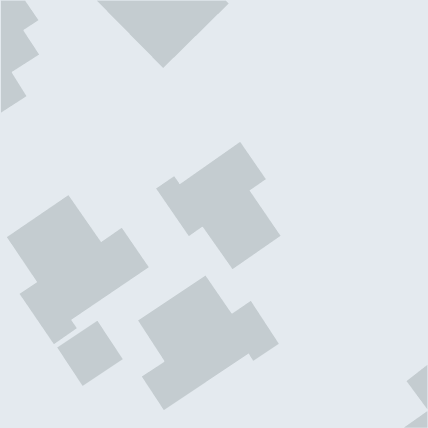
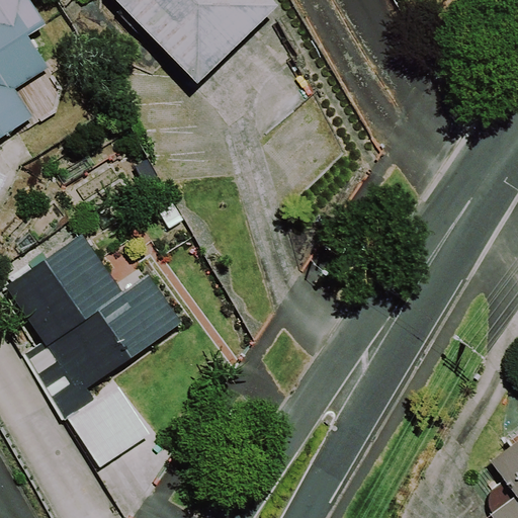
building: [155,141,281,270] -> none
building: [137,275,280,411] -> none

